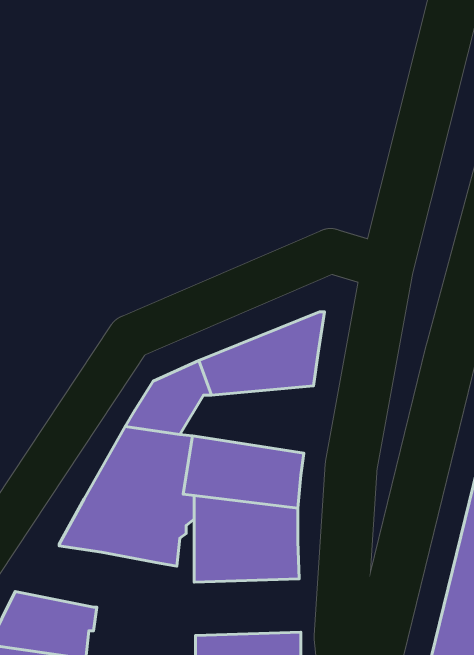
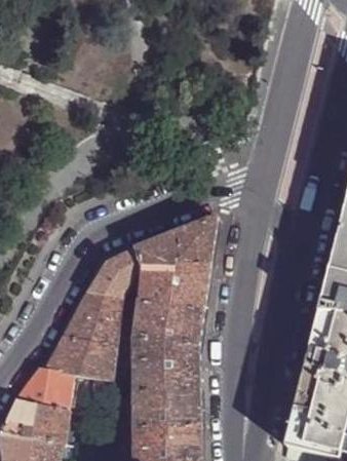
building: none -> [138,267,209,311]
building: none -> [14,370,71,412]
building: none -> [131,393,201,430]

